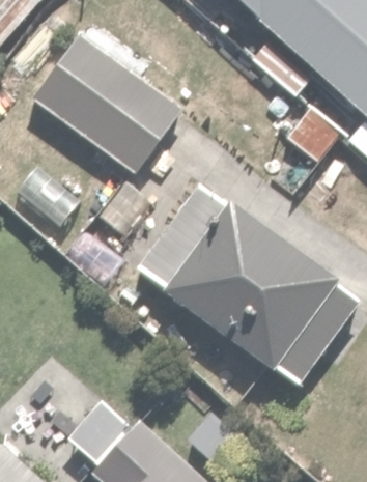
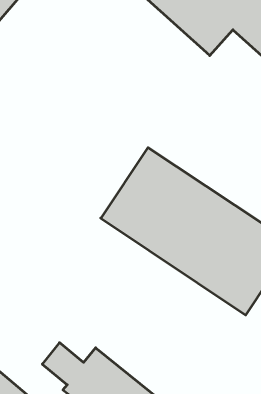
building: [30,25,194,175] -> none

